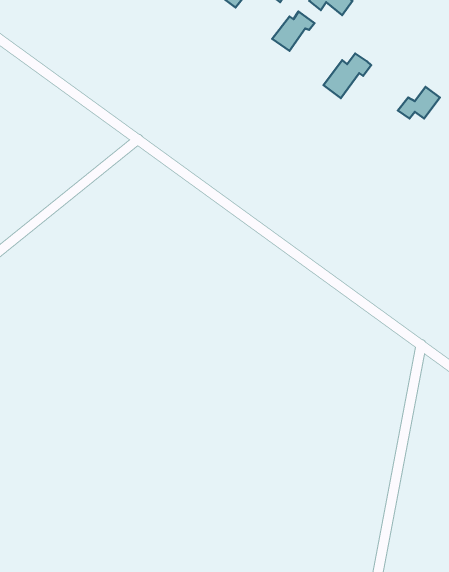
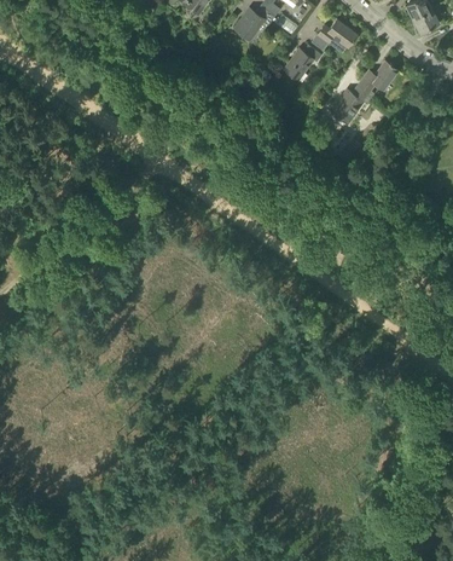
building: [398,87,440,118] -> [359,60,397,89]

